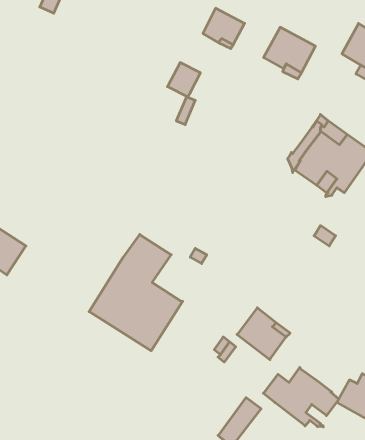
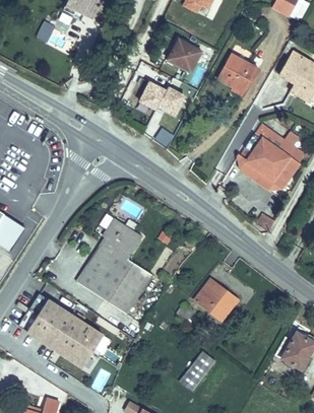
building: none -> [158,87,184,115]
building: none -> [26,299,103,367]
building: [263,367,339,427] -> none

